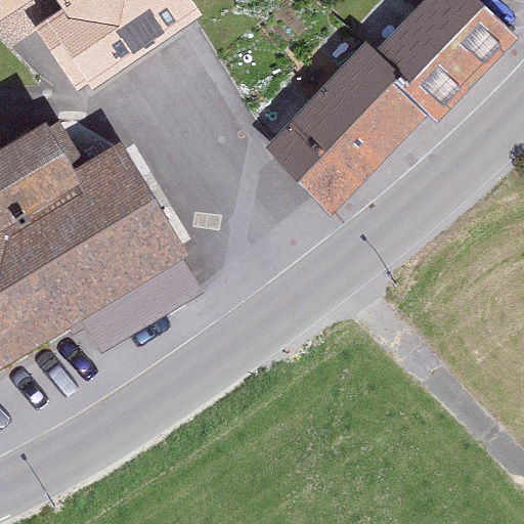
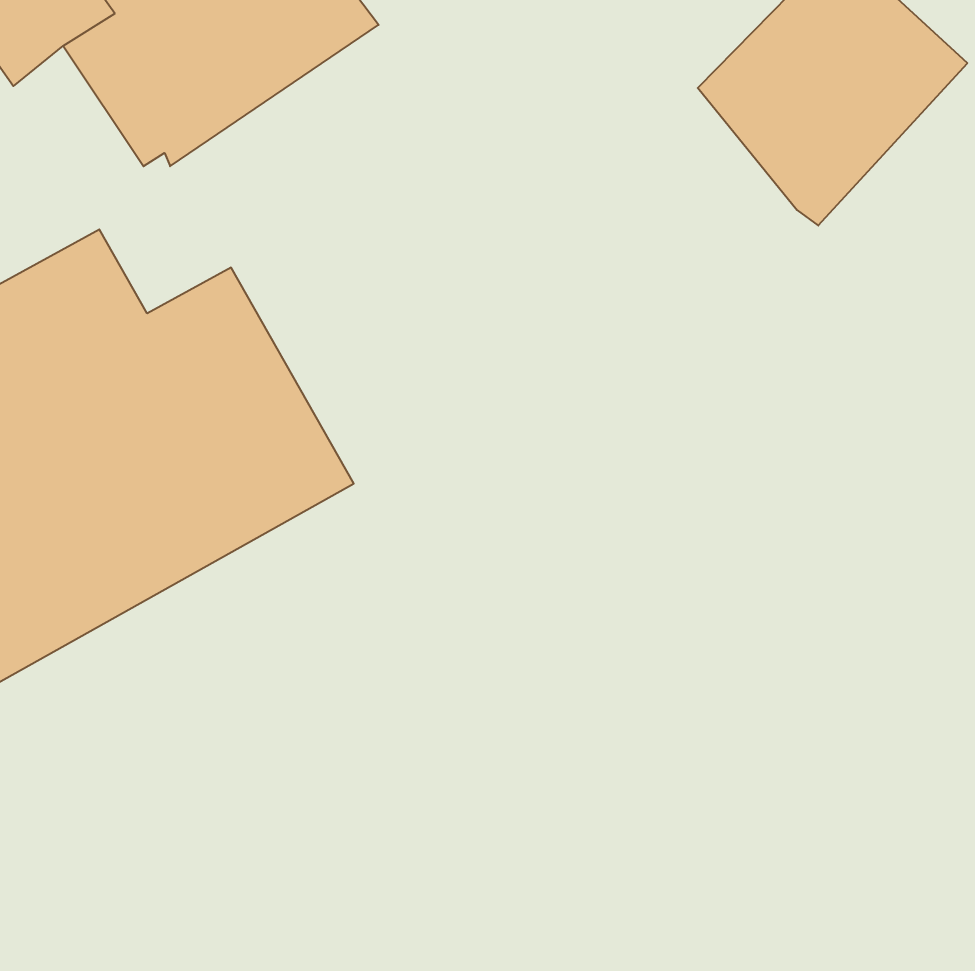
building: [265,39,427,214] -> none

